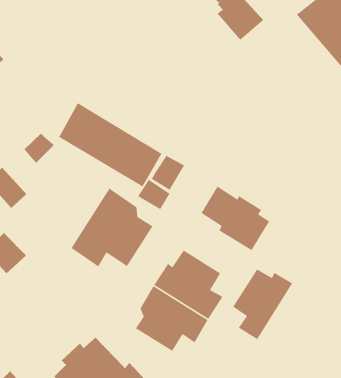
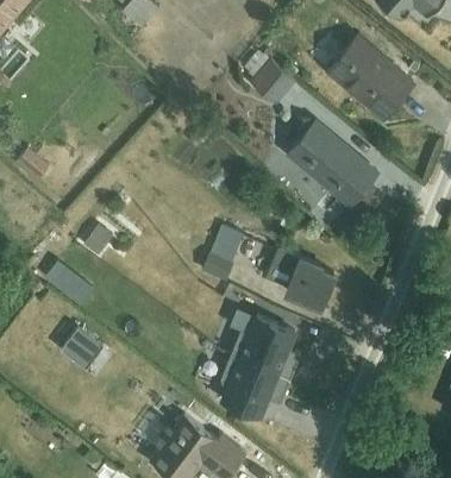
building: none -> [287,119,377,205]
building: [58,102,163,187] -> none
building: [71,188,154,267] -> none
building: [232,269,293,340] -> none

